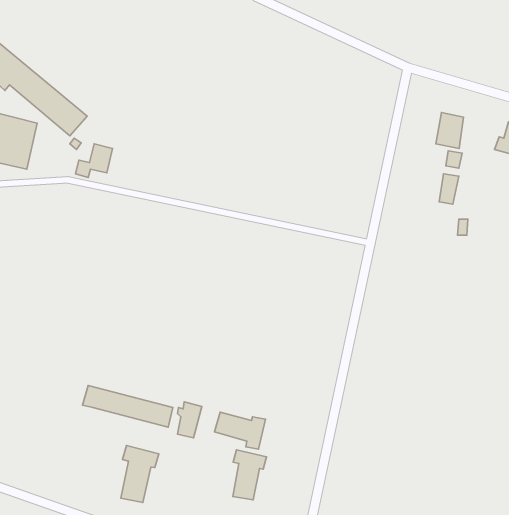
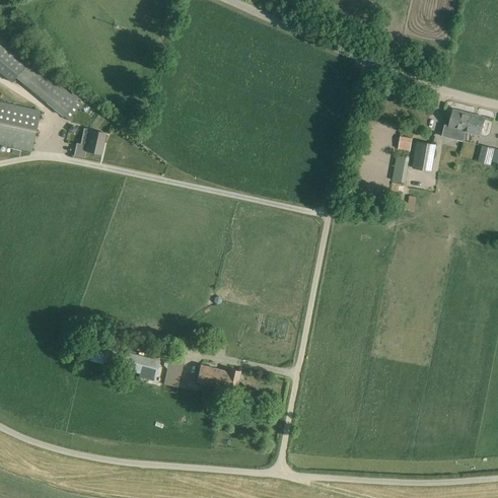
building: [436,113,464,148] -> [410,141,434,172]
building: [121,445,159,502] -> none
building: [233,450,267,500] -> none

